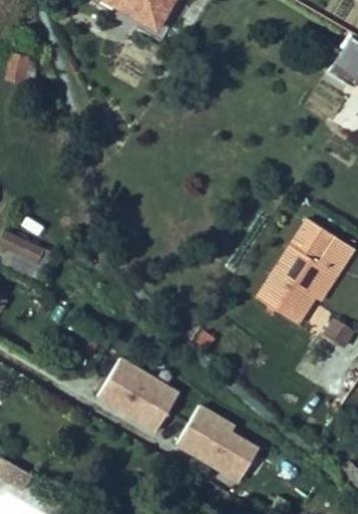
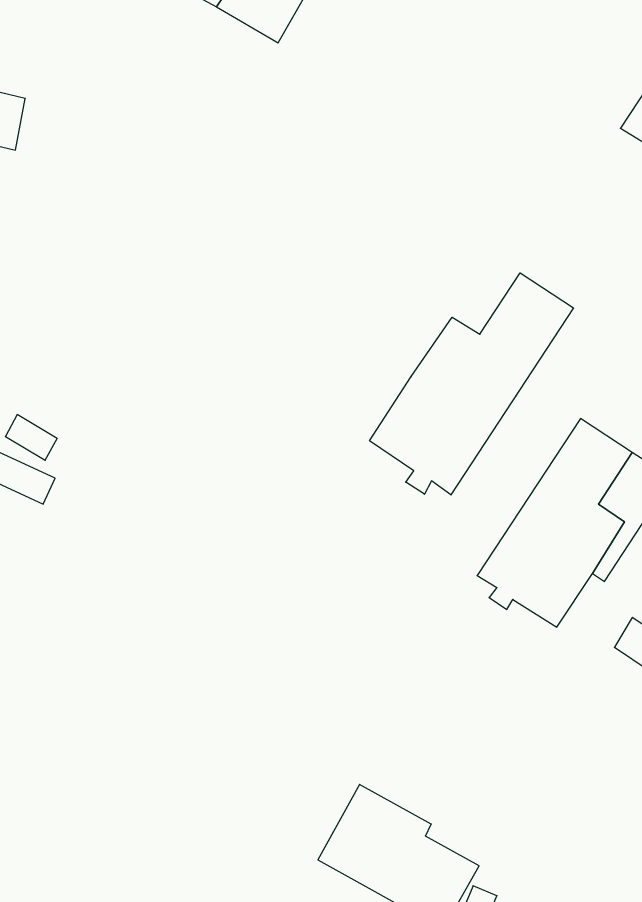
building: none -> [370,273,573,495]
building: [97,358,177,430] -> none

